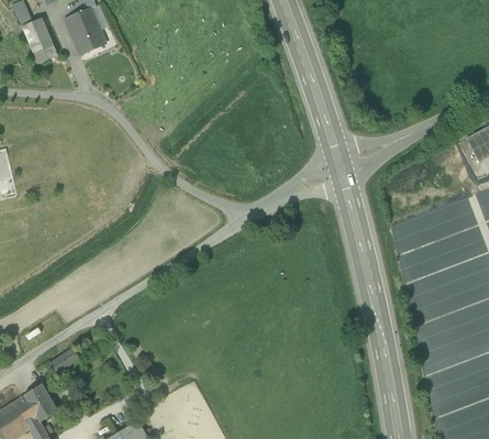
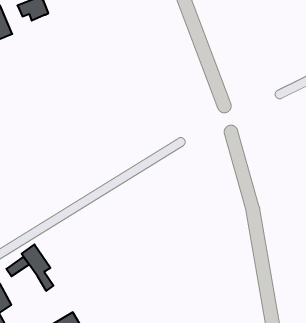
building: [70,30,104,55] -> none
building: none -> [22,244,53,291]

